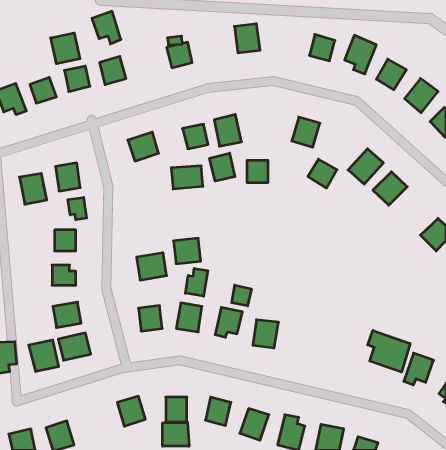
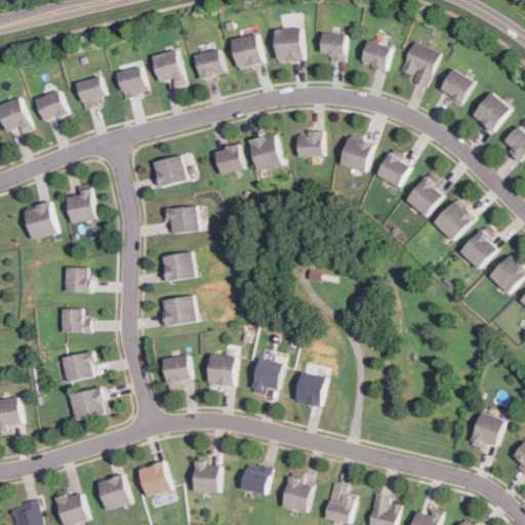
building: [92,11,121,44] -> [151,49,185,87]
building: none -> [231,34,261,69]
building: none -> [320,34,344,60]
building: [51,33,80,64] -> none
building: [210,153,235,181] -> none
building: [308,159,337,188] -> [375,153,409,187]
building: [247,160,268,182] -> [297,130,322,156]
building: [171,166,203,189] -> [159,206,196,233]
building: none -> [459,228,499,268]
building: [68,197,87,220] -> none
building: [173,238,201,264] -> [160,251,192,281]
building: [185,268,208,296] -> none
building: [232,285,251,306] -> none
building: [368,330,410,372] -> none
building: [29,340,59,372] -> none
building: none -> [95,474,129,510]
building: [163,422,189,446] -> none

